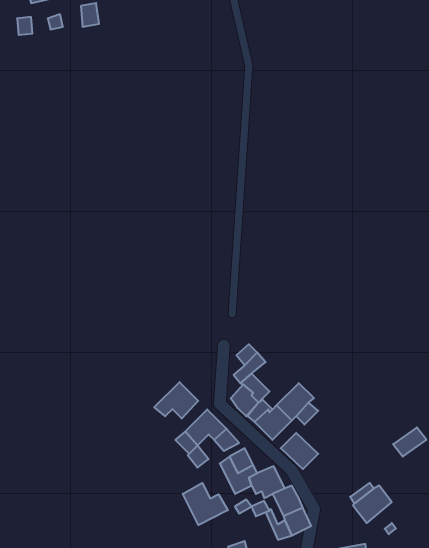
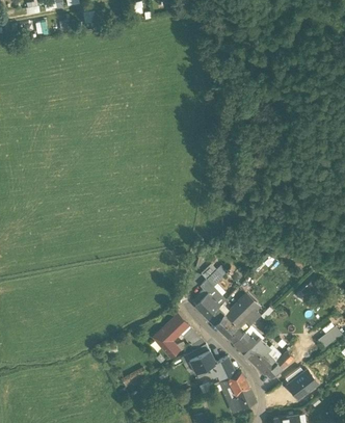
building: [154,382,198,419] -> none
building: none -> [249,347,281,378]
building: [183,483,228,525] -> none

